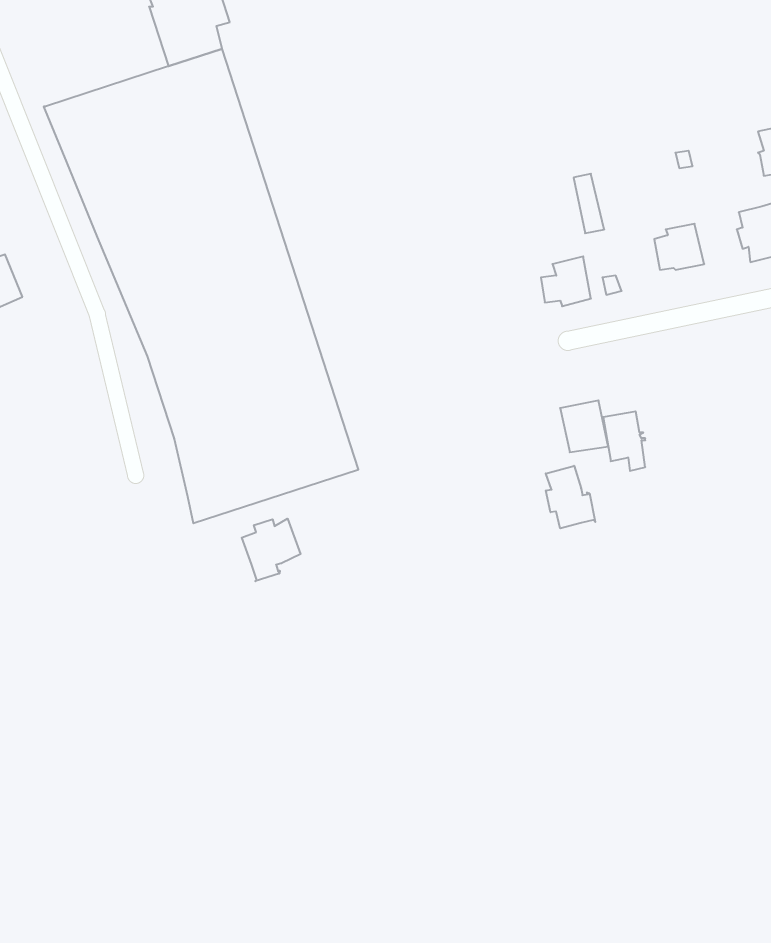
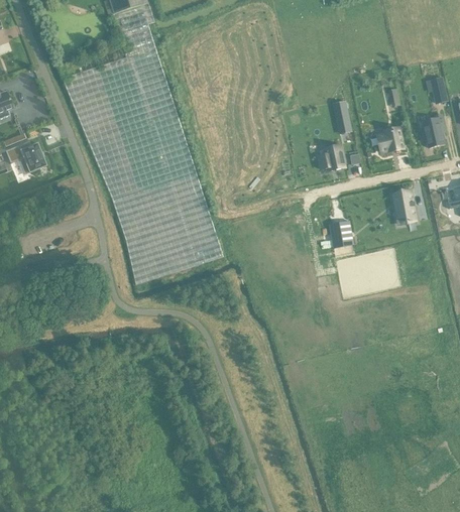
building: [603,411,645,471] -> [392,189,415,221]
building: [546,466,595,528] -> none
building: [242,519,301,581] -> none

